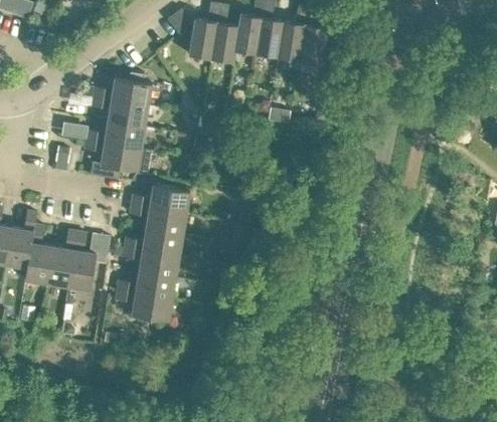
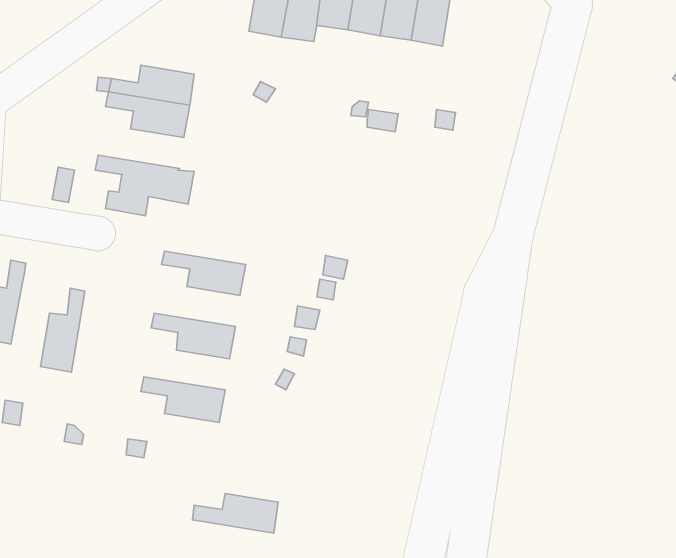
building: [87,121,145,148] -> none
building: [132,185,190,213] -> none
building: [25,224,53,282] -> none
building: [125,228,183,255] -> none
building: [68,231,97,289] -> none
building: [118,271,176,298] -> [193,493,278,533]

